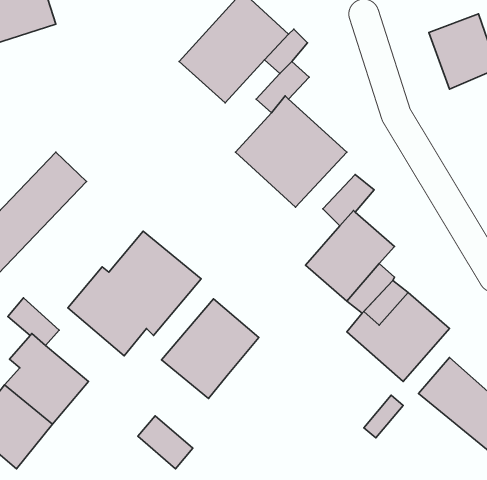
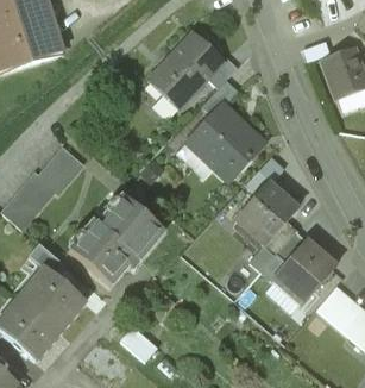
building: [162,299,259,399] -> none

